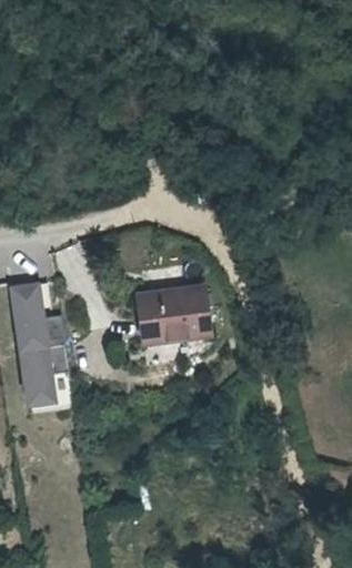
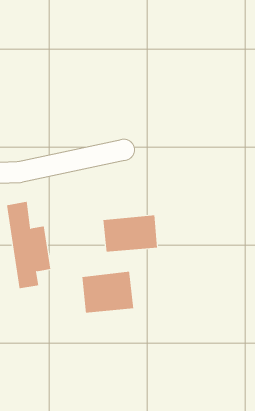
building: none -> [82,271,134,314]

